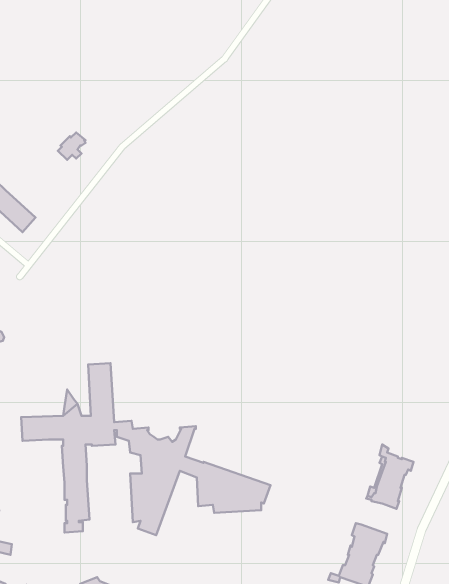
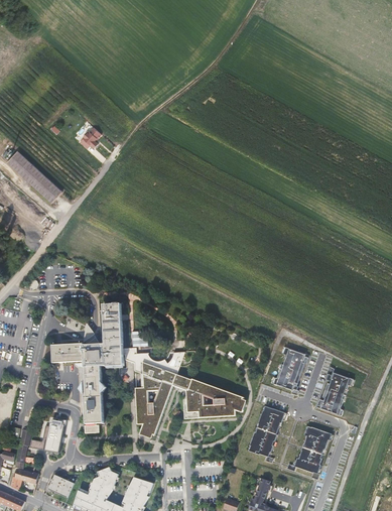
building: none -> [269,348,307,394]
building: none -> [248,408,285,465]
building: none -> [45,417,64,451]

